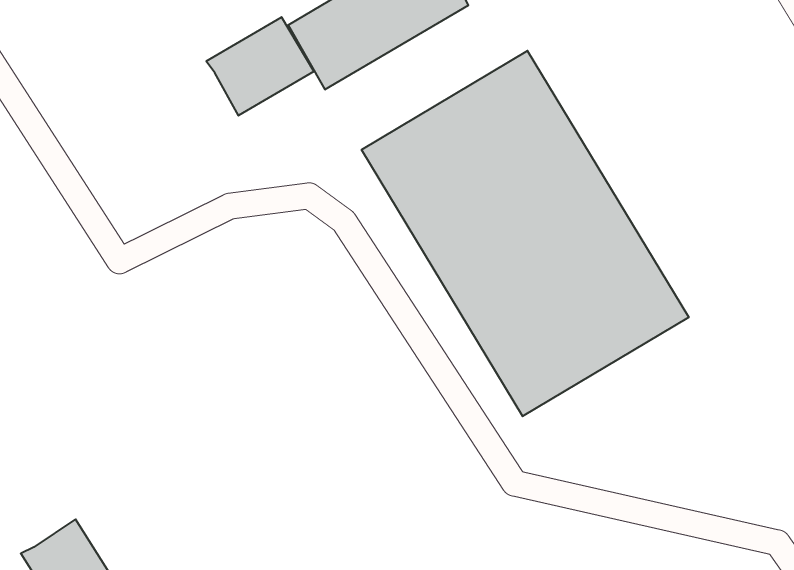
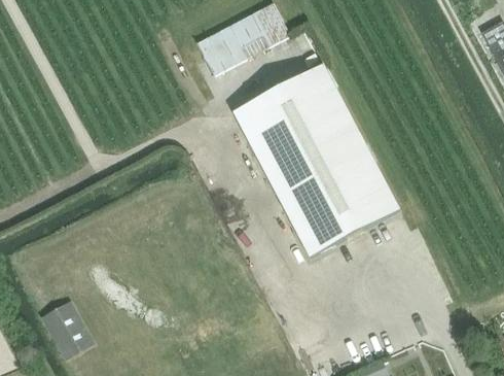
building: [206,17,314,116] -> none

